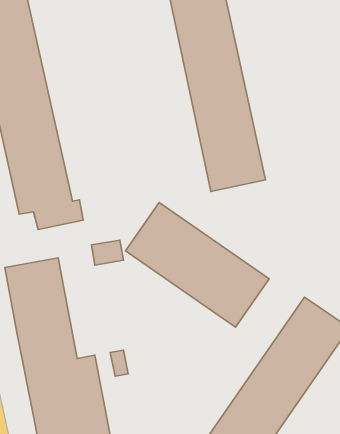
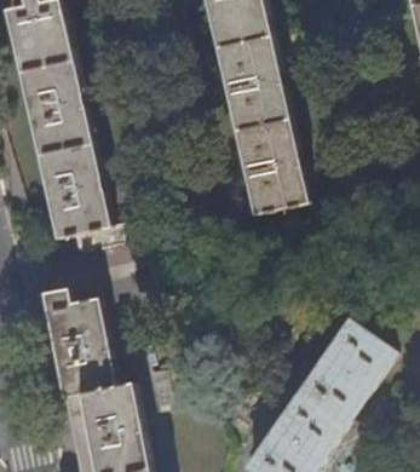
building: [126,203,269,327] -> none

